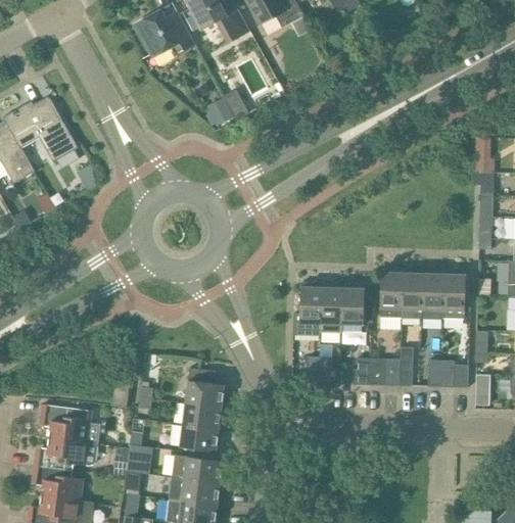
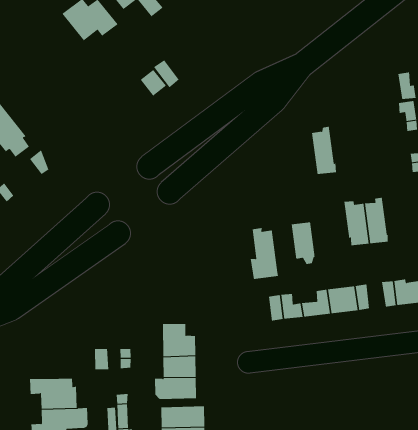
building: [380,269,403,319] -> [311,126,337,175]
building: [442,271,466,320] -> none
building: [321,284,342,334] -> none

